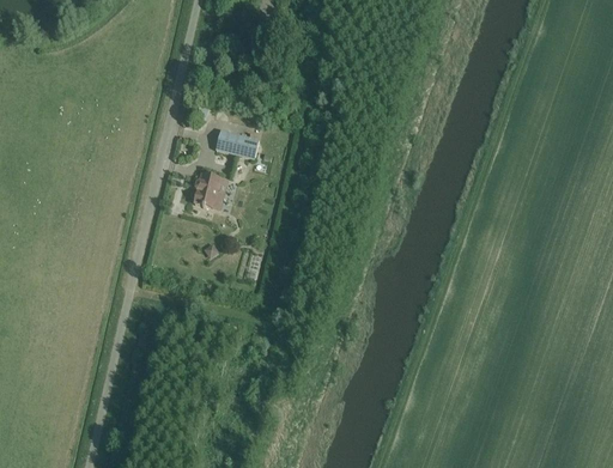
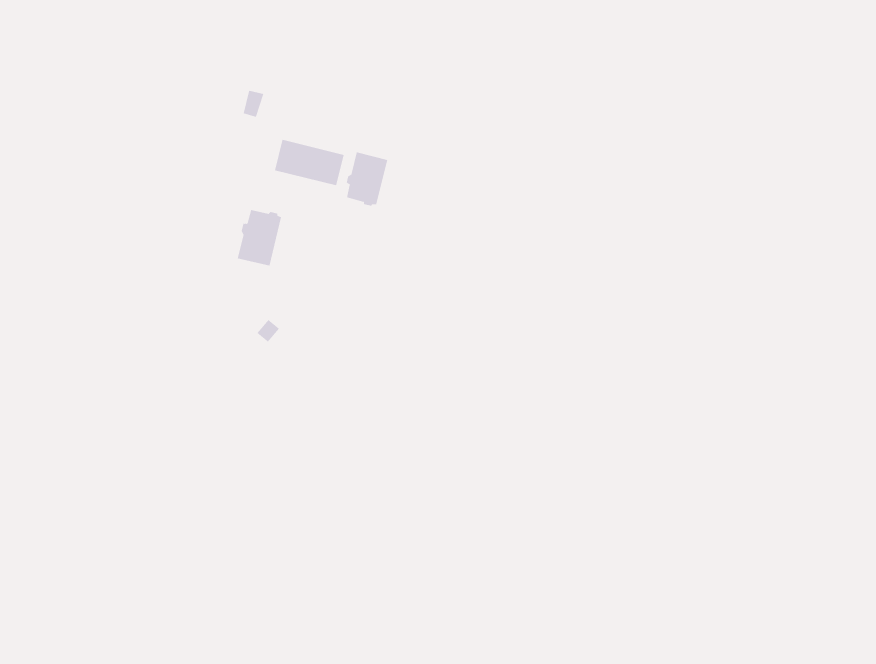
building: none -> [346,152,388,207]

